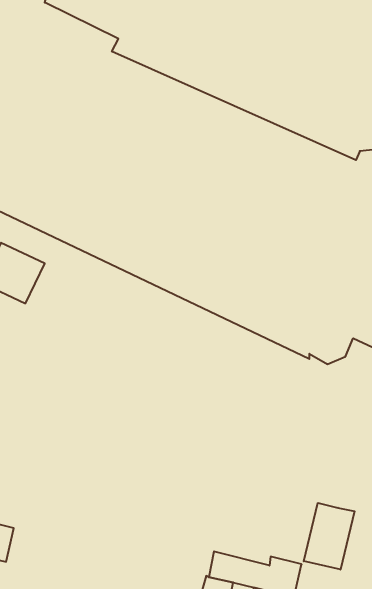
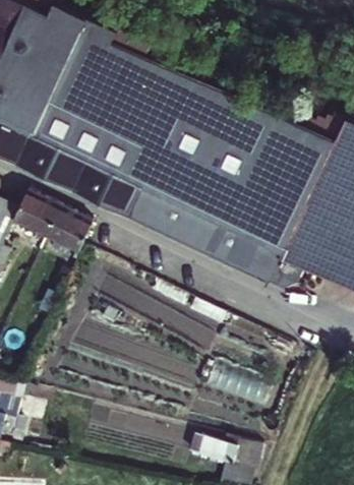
building: none -> [46,208,94,256]
building: [304,503,355,570] -> none

